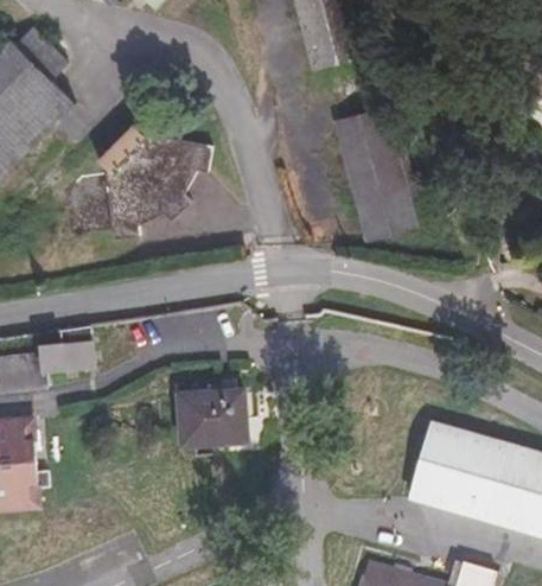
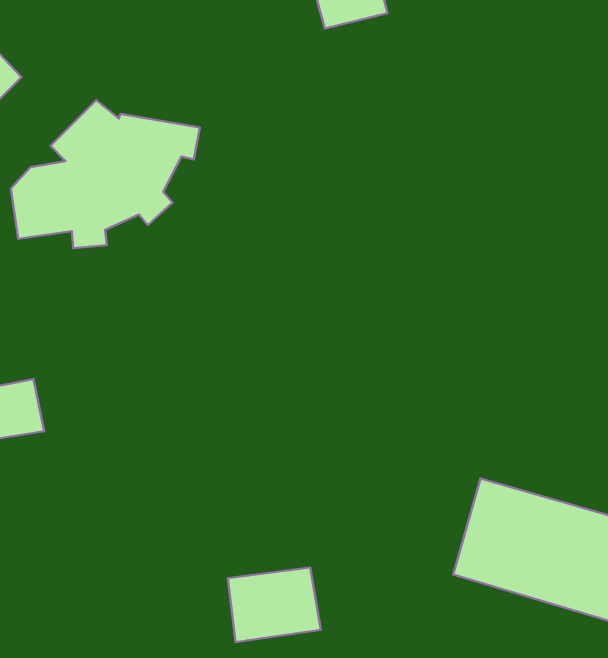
building: [332,108,410,235] -> none
building: [181,393,254,451] -> [228,567,321,642]

